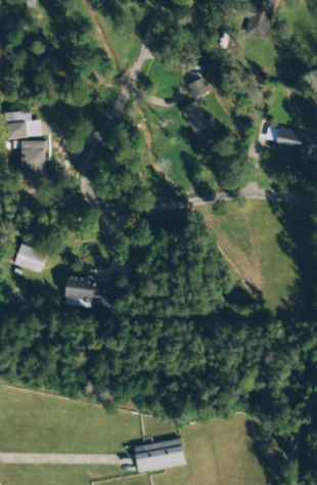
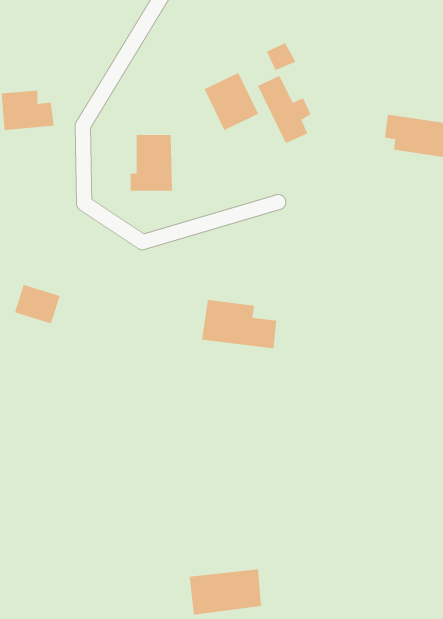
building: none -> [204,72,259,131]
building: [17,140,47,179] -> [130,134,173,191]
building: [64,274,117,308] -> [201,300,277,349]

